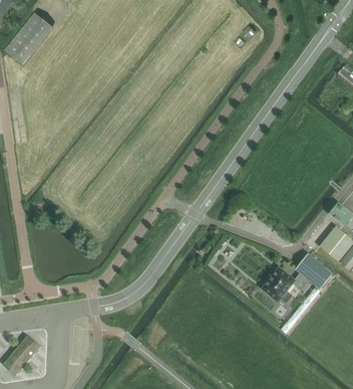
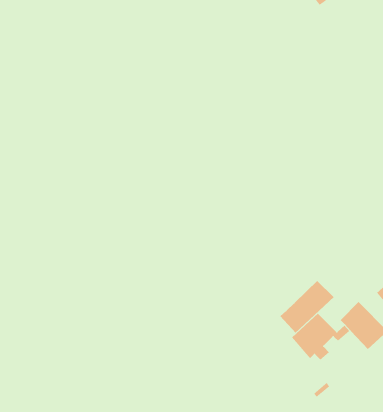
building: none -> [280,280,335,334]

